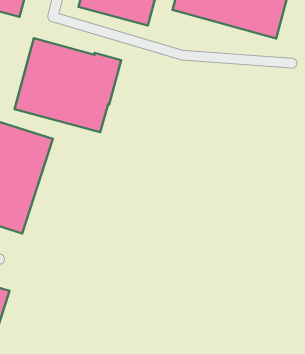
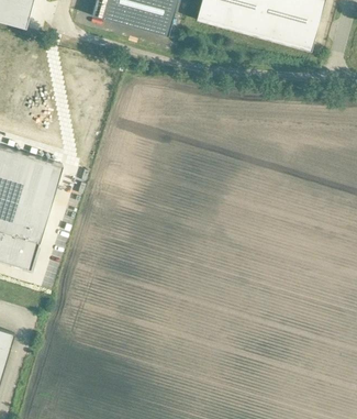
building: [15,38,121,132] -> none

